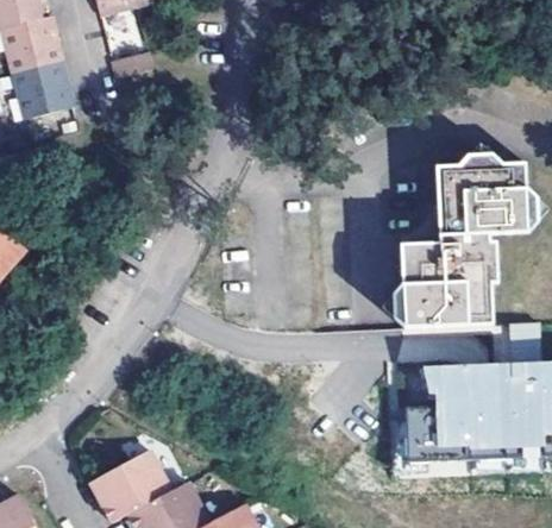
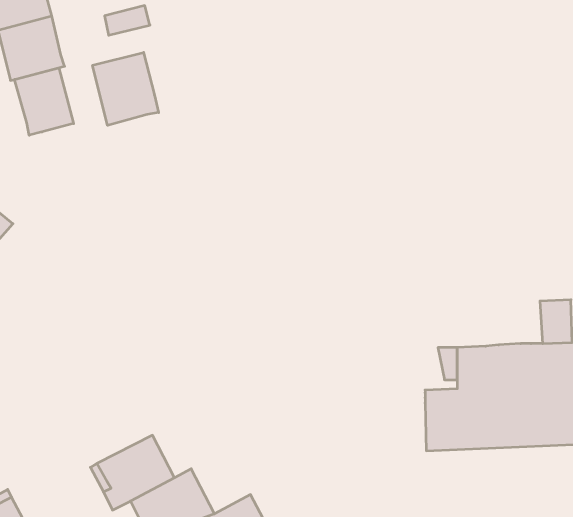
building: none -> [93,52,159,125]
building: none -> [15,68,74,135]
building: [402,165,527,326] -> none

